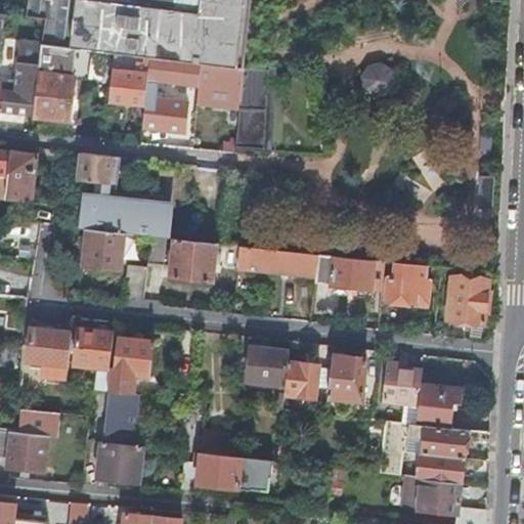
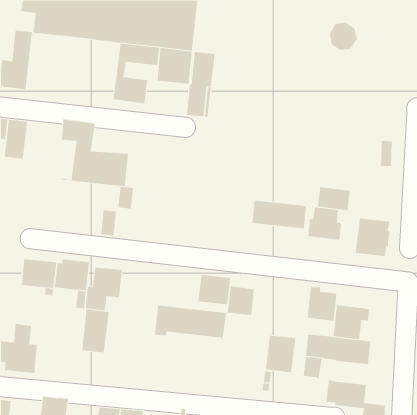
building: [33,44,75,120] -> none
building: [108,52,150,104] -> none
building: [360,64,396,100] -> [329,22,358,51]
building: [83,229,123,266] -> none
building: none -> [318,186,350,211]
building: [170,238,216,282] -> none
building: [237,246,318,276] -> none
building: [329,355,367,402] -> [265,335,296,373]
building: [97,442,139,483] -> none
building: [180,451,271,493] -> [154,305,227,338]
building: [419,455,463,485] -> none

